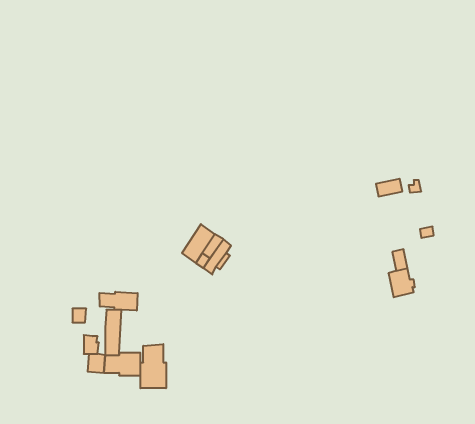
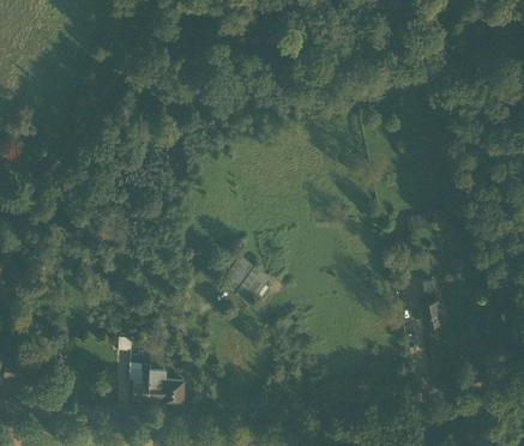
building: [99,292,138,311] -> none
building: [140,344,166,388] -> none

